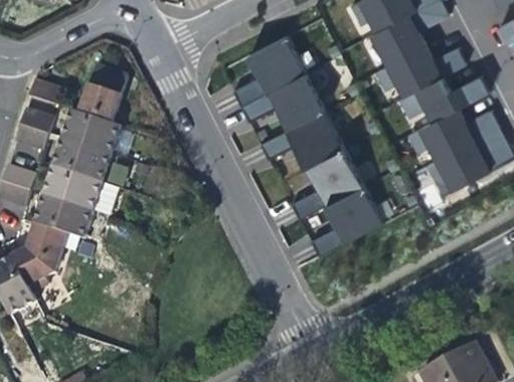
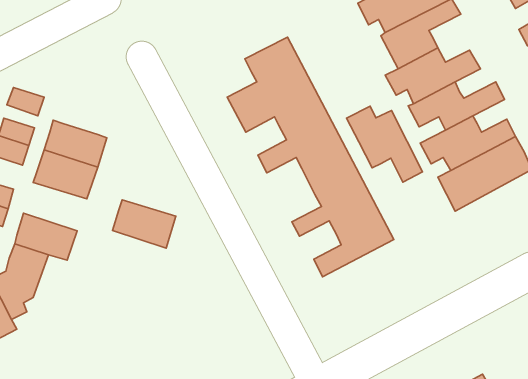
building: [80,65,129,125] -> none
building: none -> [347,106,422,182]
building: [44,169,103,213] -> [112,200,176,248]

